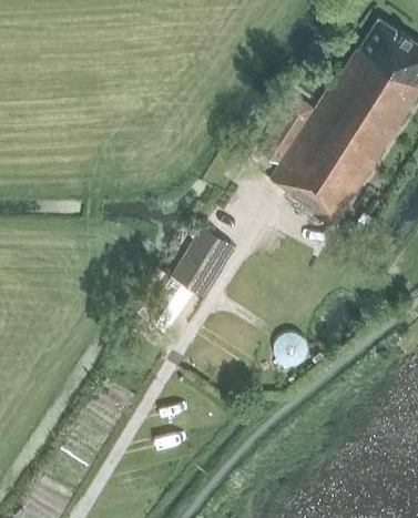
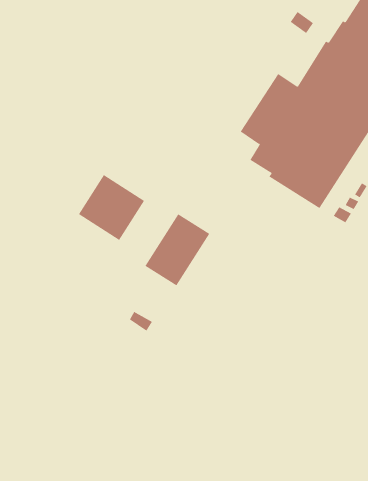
building: none -> [78,174,145,241]

